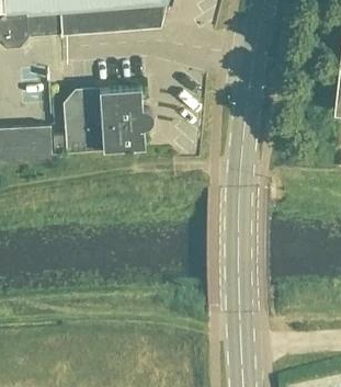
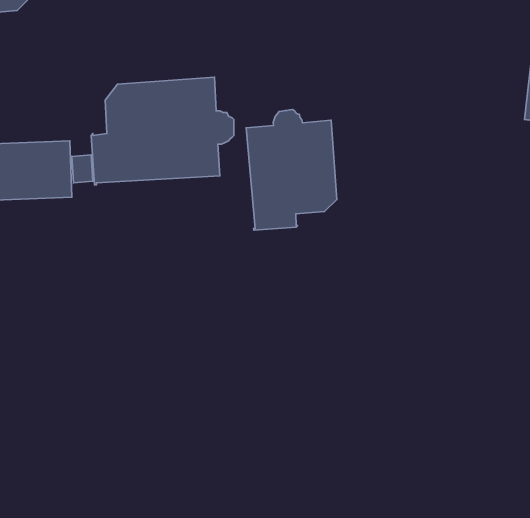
building: none -> [246,110,337,230]

